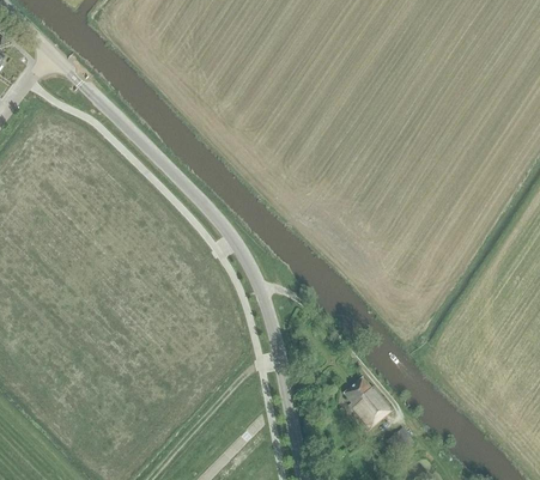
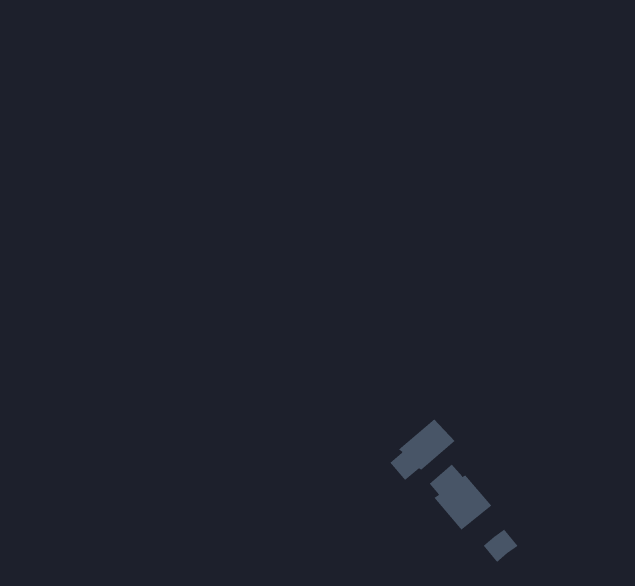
building: none -> [390,418,456,481]

